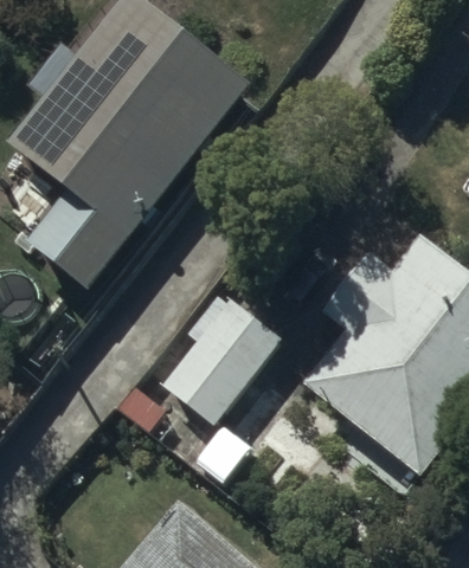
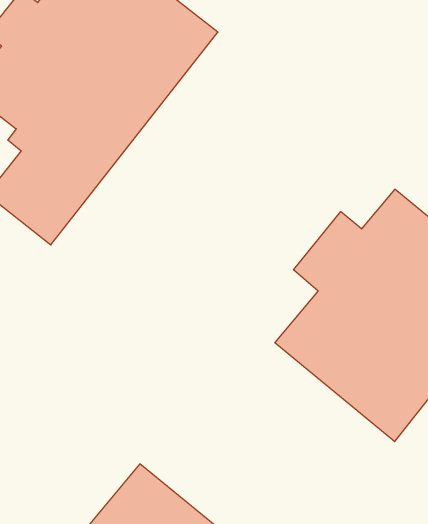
building: [158,296,296,453] -> none

